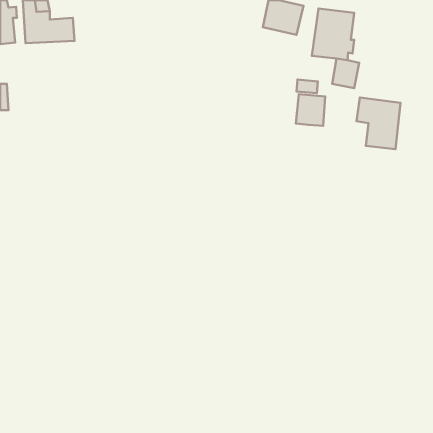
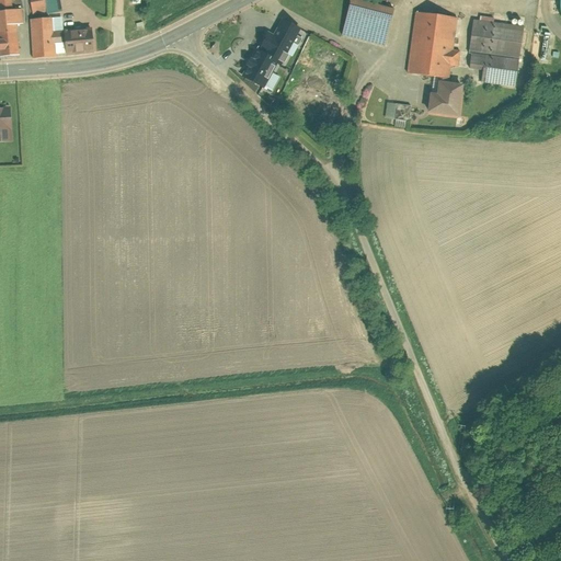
building: none -> [238,15,310,95]
building: [296,94,325,126] -> none
building: [357,98,401,149] -> [466,21,523,88]

